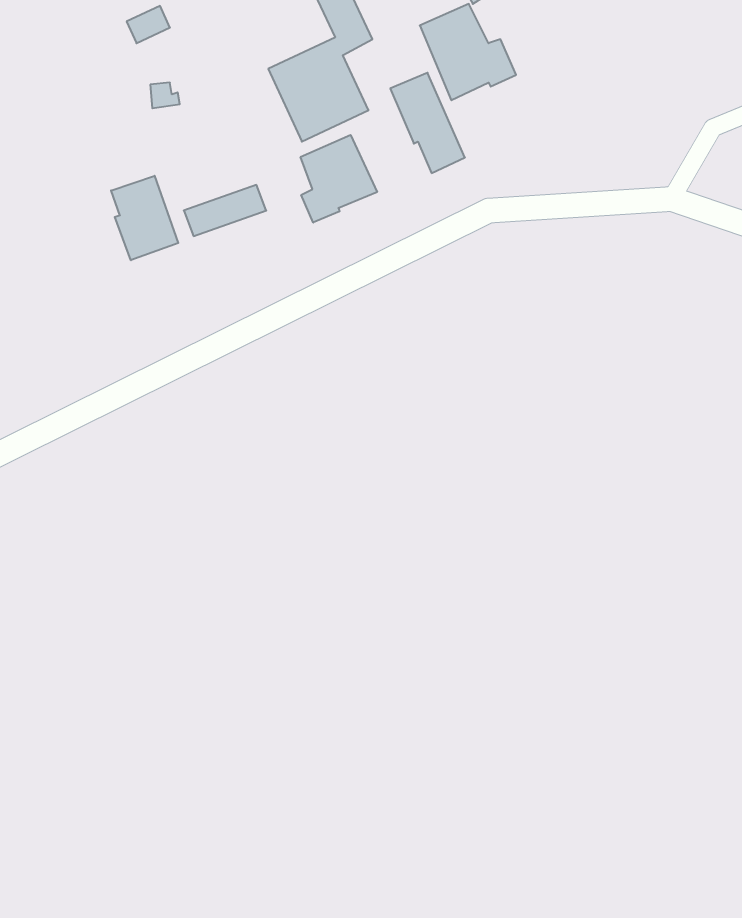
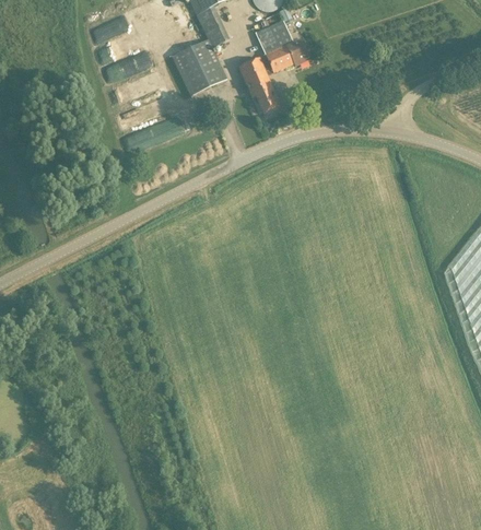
building: [301,135,377,223] -> none
building: [111,176,178,260] -> none

